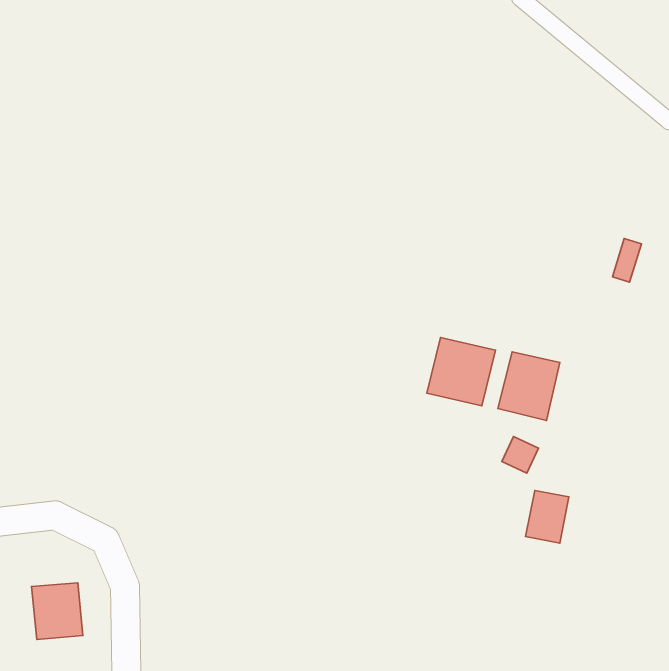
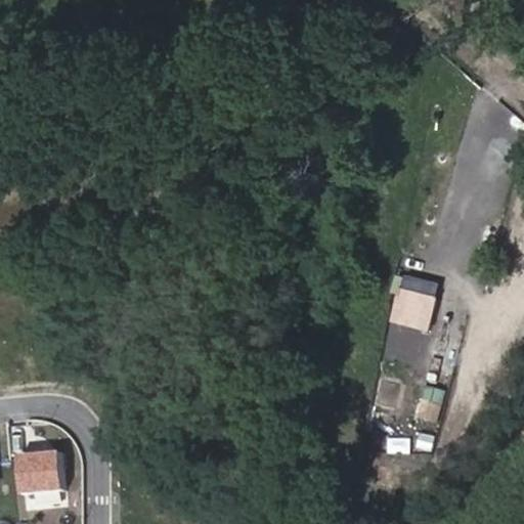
building: [427,338,495,406] -> none

